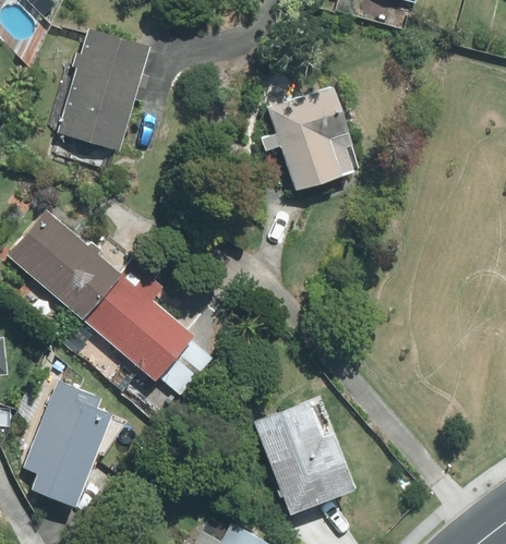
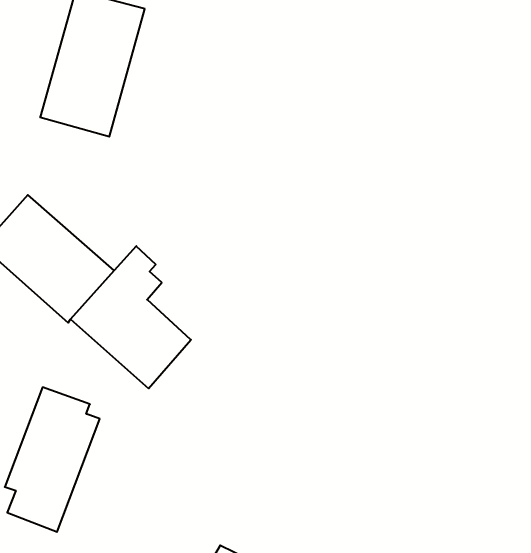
building: [258,85,353,191] -> none
building: [253,398,351,513] -> none

